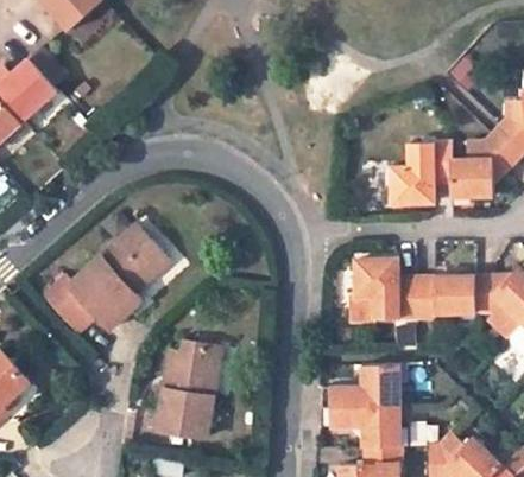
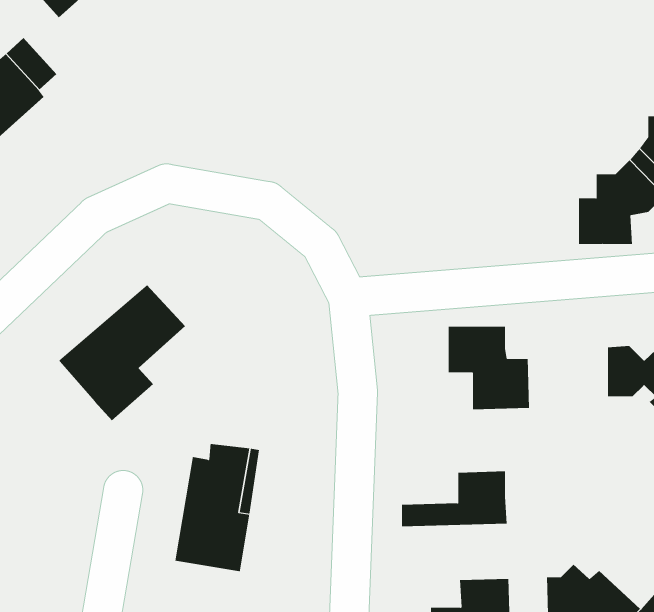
building: [393,145,453,205] -> none
building: [416,274,474,319] -> none
building: [42,278,95,333] -> none
building: [322,405,402,446] -> none

